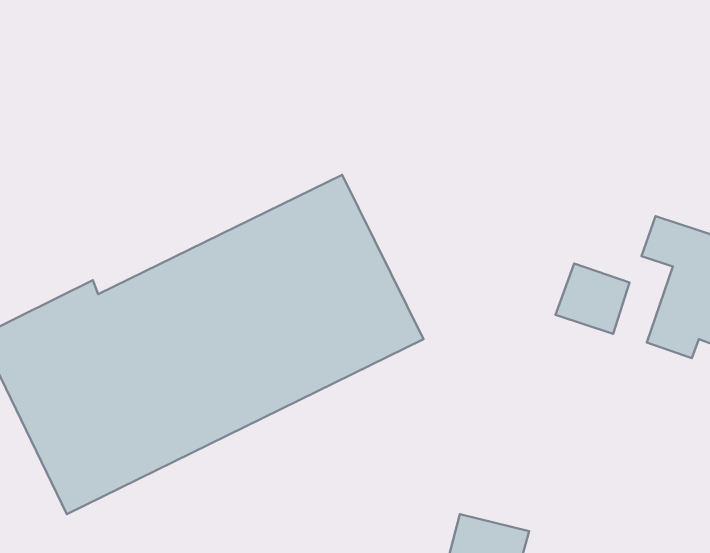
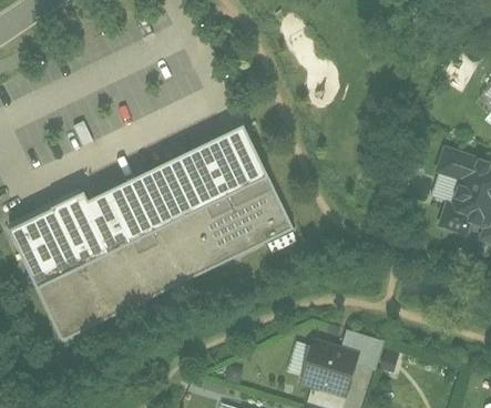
building: [555,263,630,334] -> none

